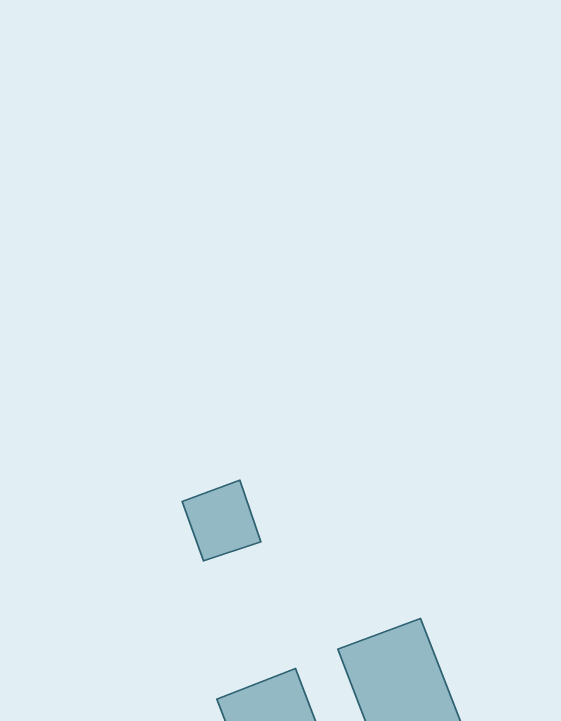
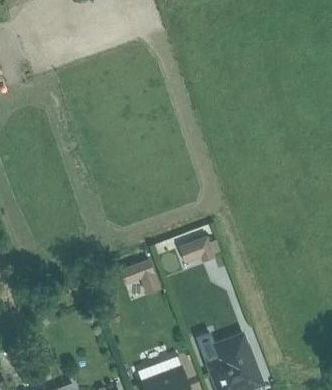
building: none -> [175,230,217,269]

